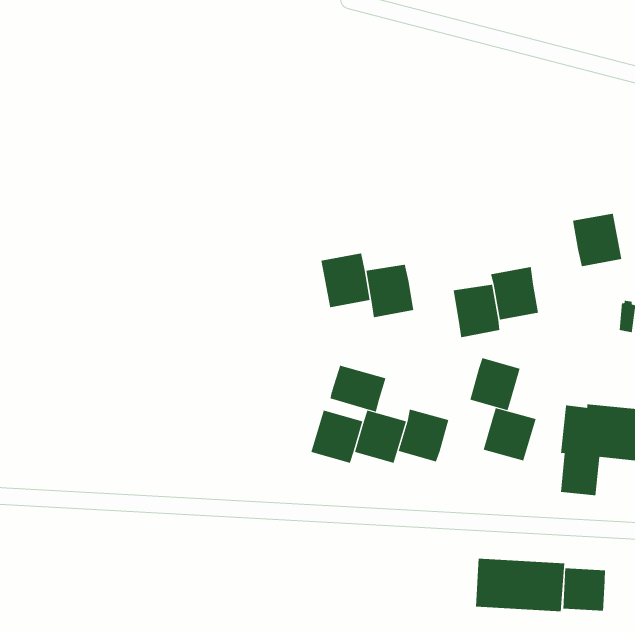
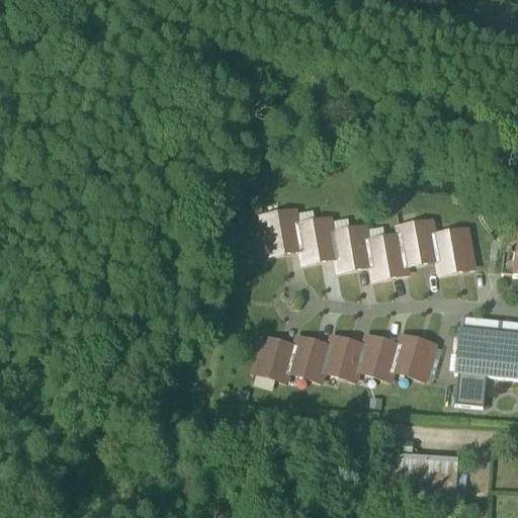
building: [572,213,622,267] -> [435,228,476,271]
building: none -> [334,226,373,269]
building: [469,357,521,411] -> [359,335,401,378]
building: [330,365,386,413] -> none
building: [563,568,605,611] -> none

